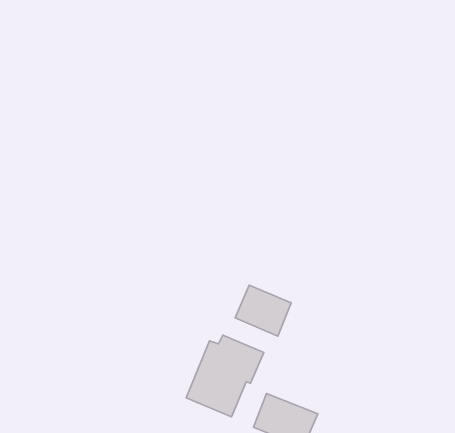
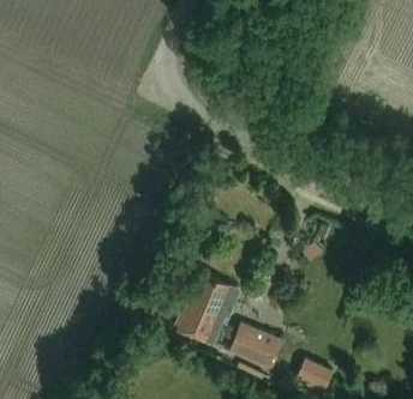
building: [235,285,291,336] -> none

